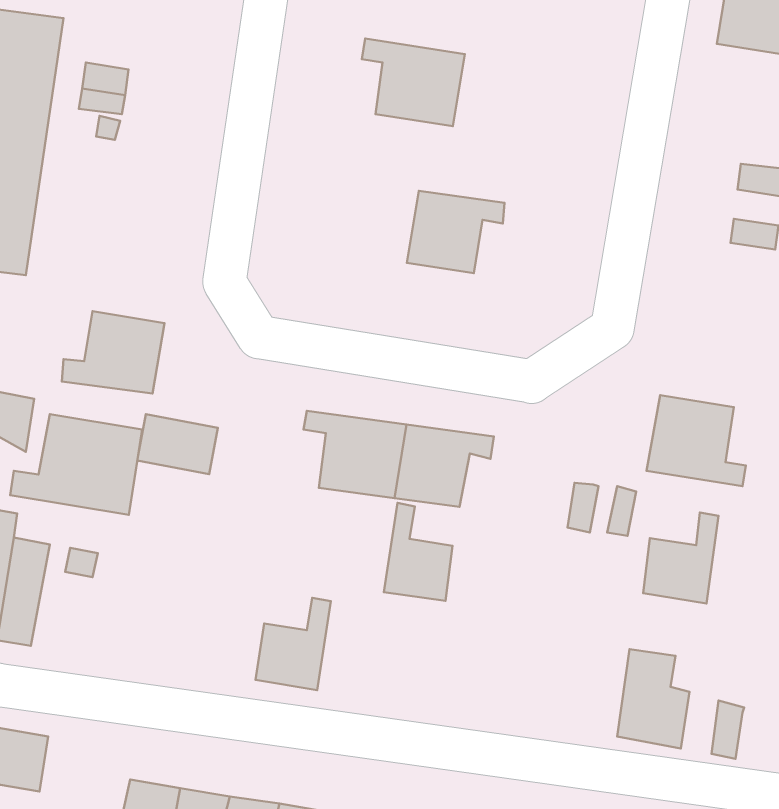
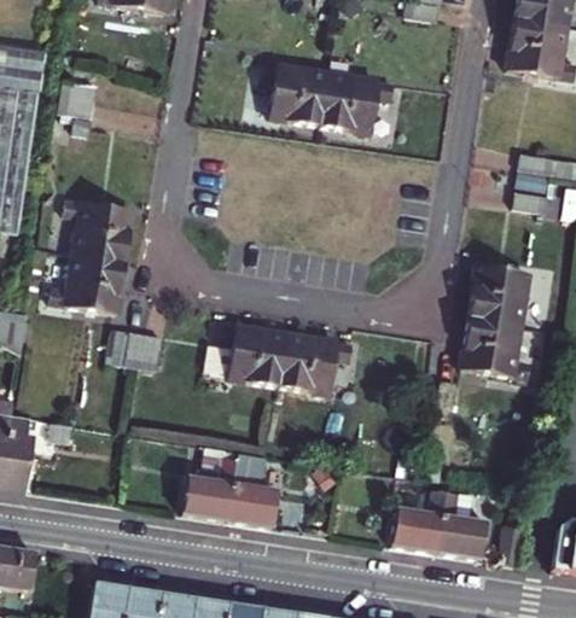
building: [407,191,505,273] -> [321,72,390,130]
building: none -> [59,198,128,262]
building: none -> [467,262,541,321]
building: [10,414,142,515] -> none
building: [384,503,452,601] -> [226,457,274,526]
building: [643,513,719,603] -> [392,489,446,553]

